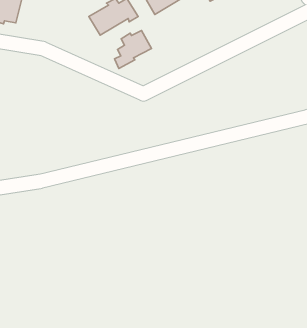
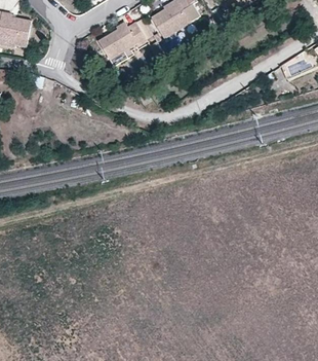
building: [115,30,151,69] -> none

